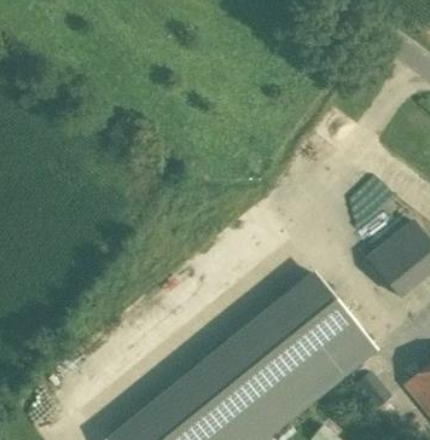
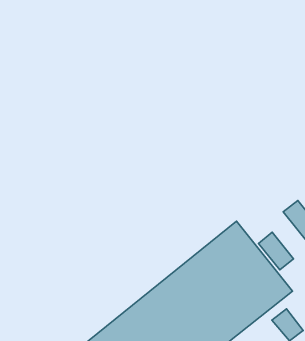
building: none -> [258,232,293,270]

